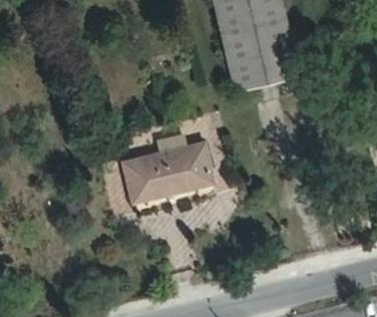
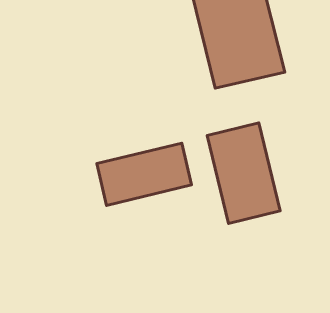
building: none -> [207,123,280,224]

